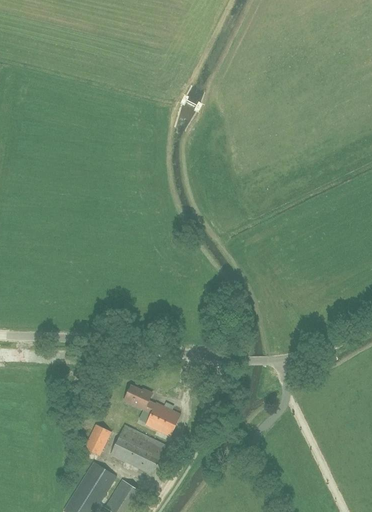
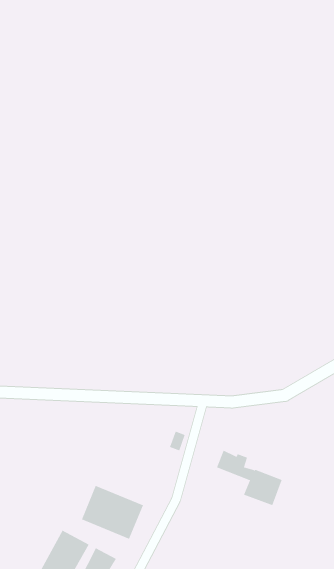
building: [123,385,180,436] -> [216,450,283,506]
building: [84,424,110,456] -> none

